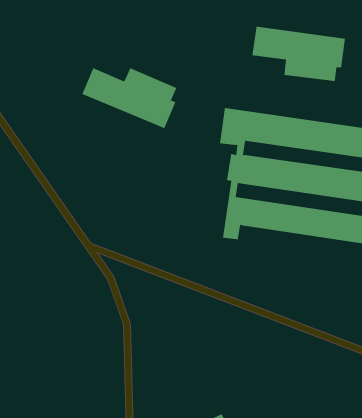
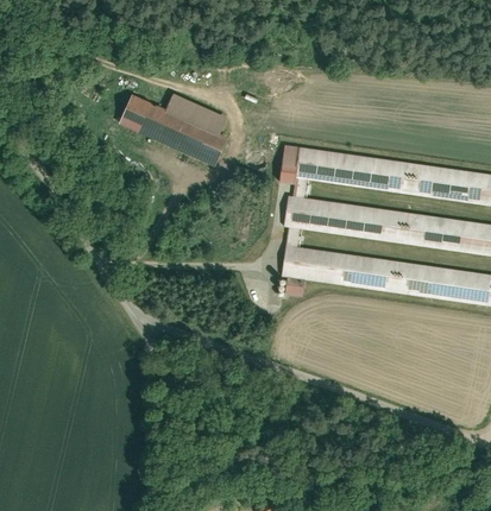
building: [252,26,346,82] -> none

